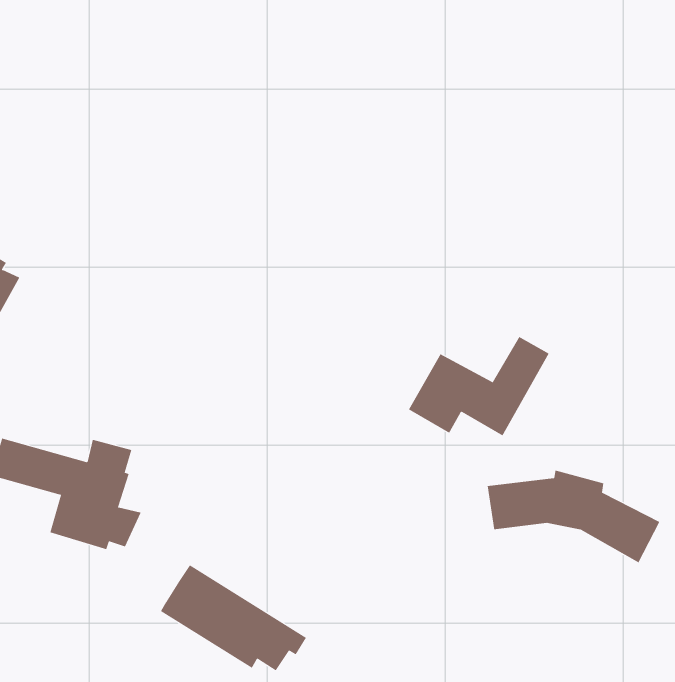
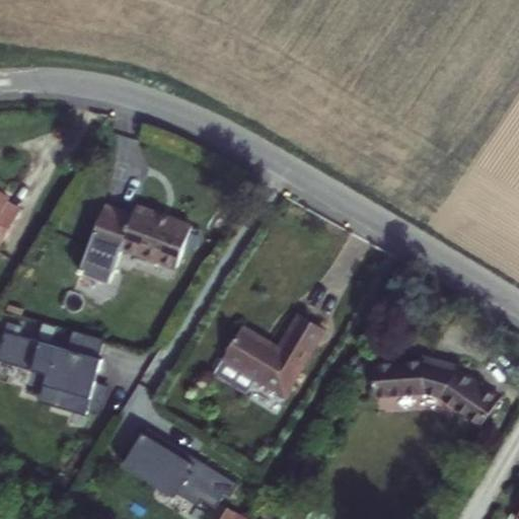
building: none -> [78,206,193,285]
building: [408,336,550,436] -> [212,315,319,391]

